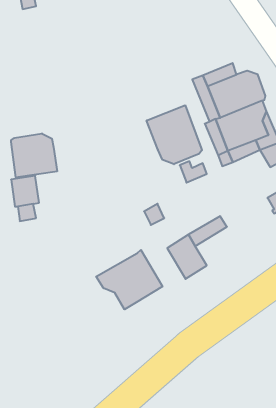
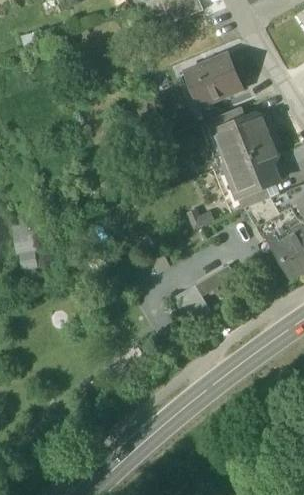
building: none -> [186,53,243,103]
building: [147,105,202,164] -> none
building: [11,133,57,177] -> none
building: [96,250,162,309] -> none

